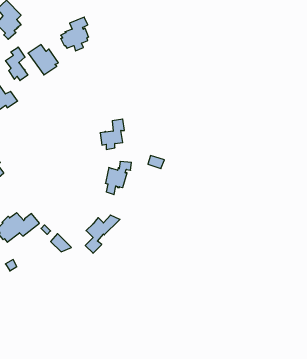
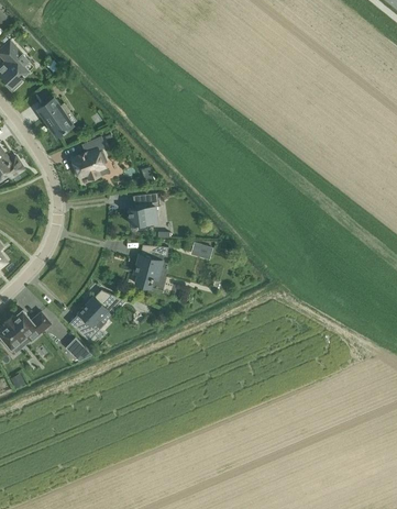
building: [61,17,89,51] -> [70,136,106,179]
building: [6,47,28,81] -> none
building: [85,215,120,253] -> [77,292,121,341]

